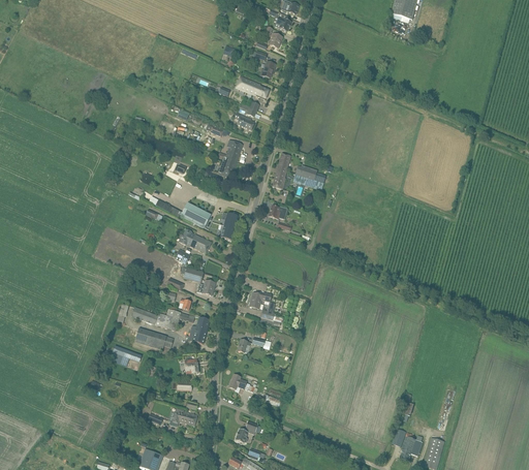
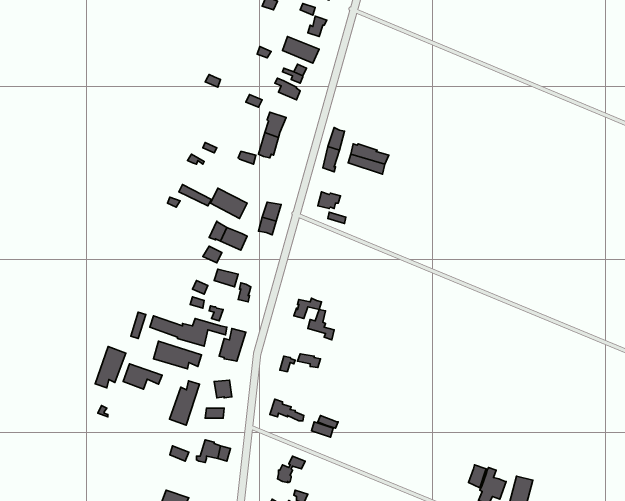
building: none -> [95,346,126,388]
building: none -> [169,381,199,425]

